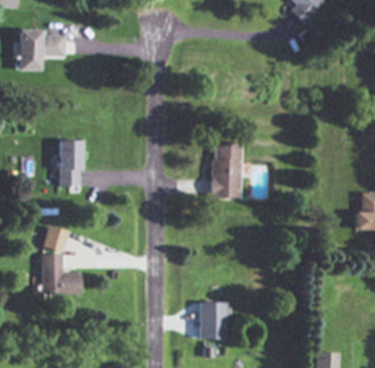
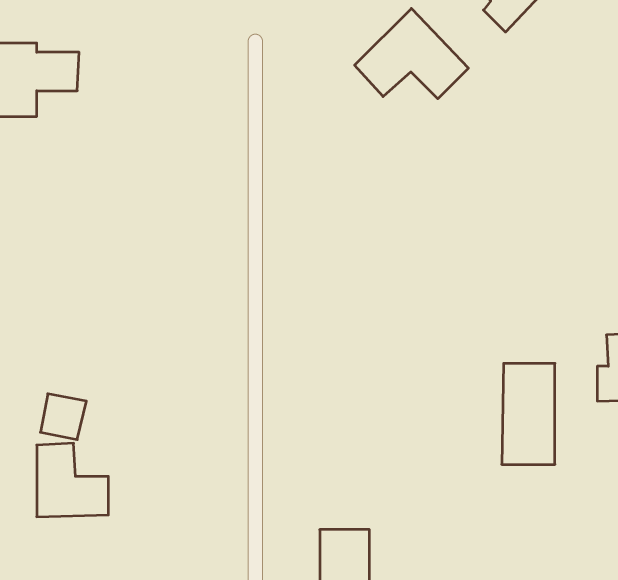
building: none -> [355,8,468,99]
building: [58,139,82,186] -> none
building: [212,140,242,197] -> [502,363,555,464]

